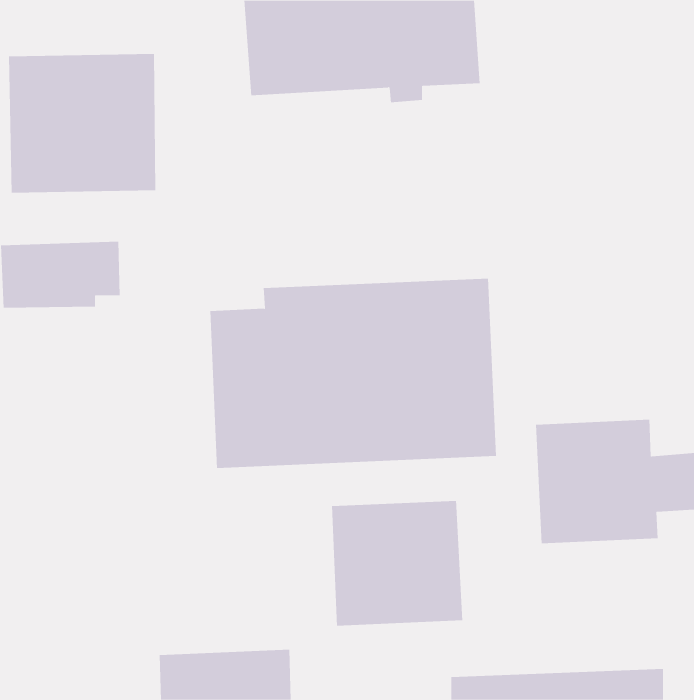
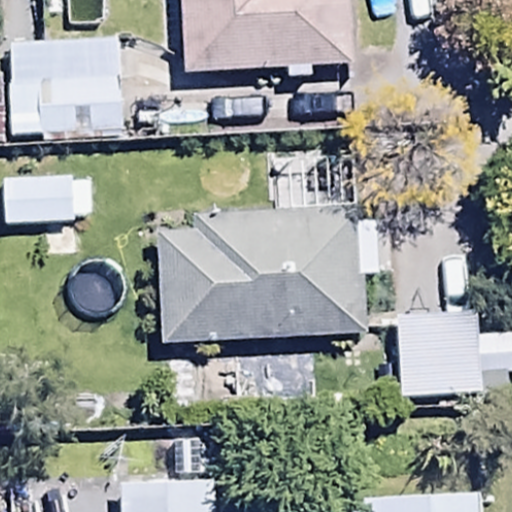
building: [332,500,463,627] -> none

